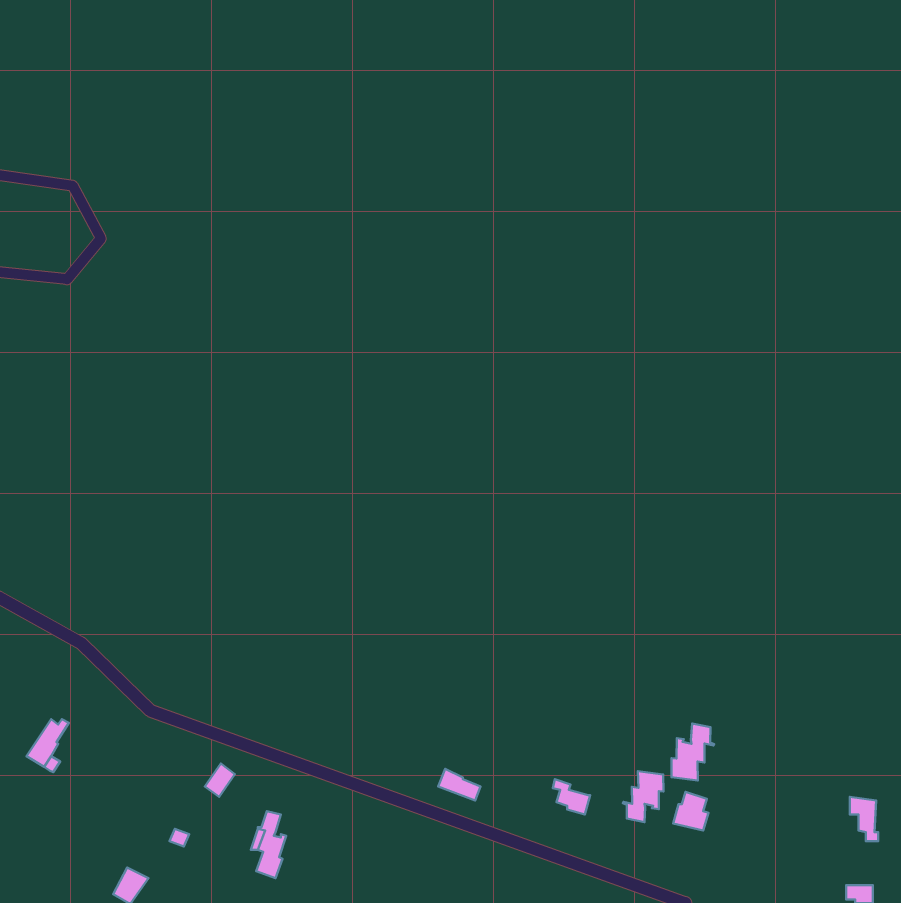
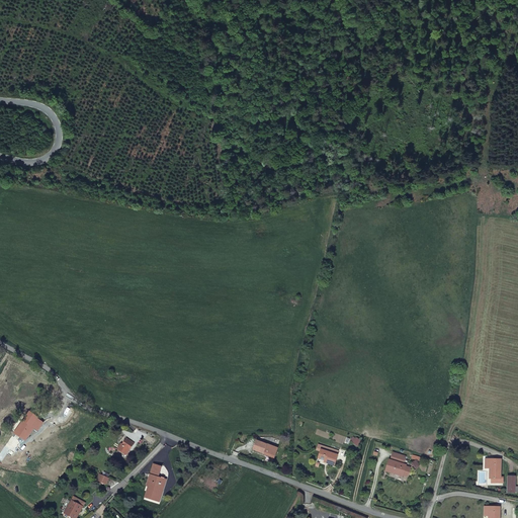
building: [671,723,714,781] -> none
building: [623,771,664,822] -> none

